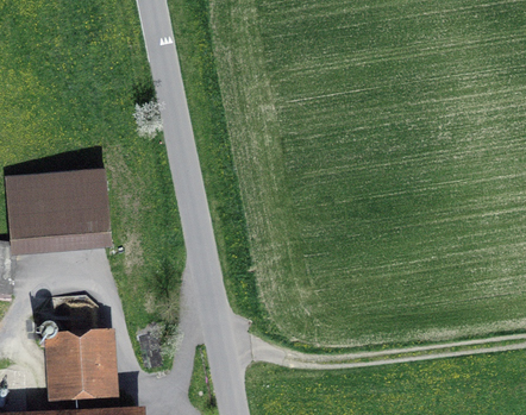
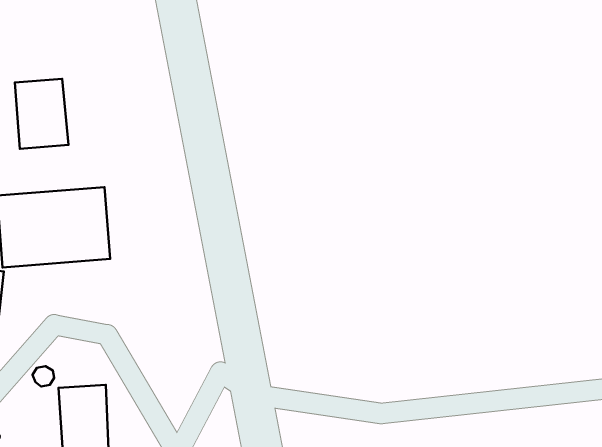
building: none -> [15,79,69,149]

